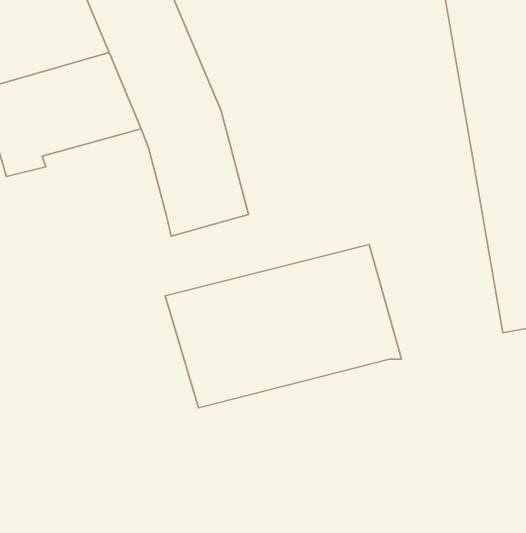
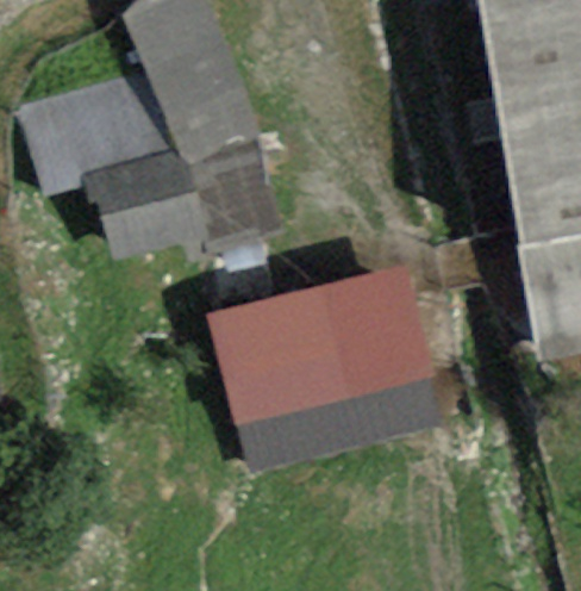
building: none -> [81,147,205,260]
building: none -> [237,377,441,474]

